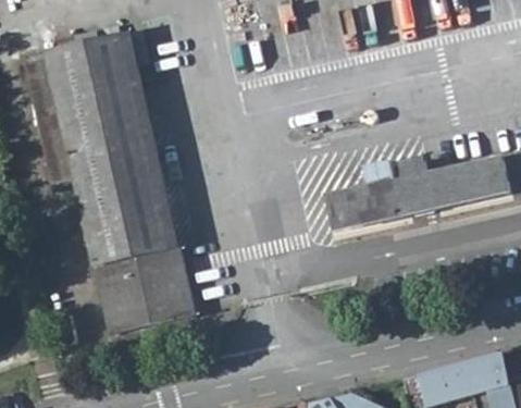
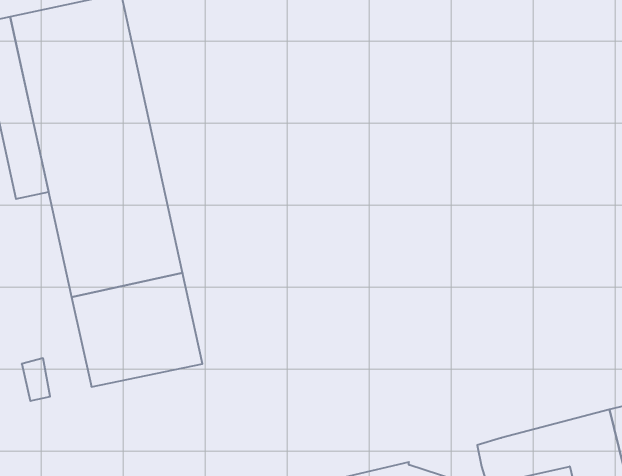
building: [328,158,508,228] -> none

